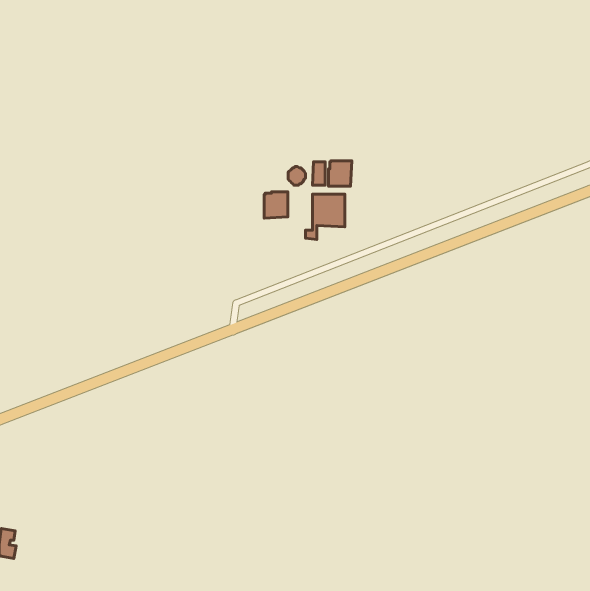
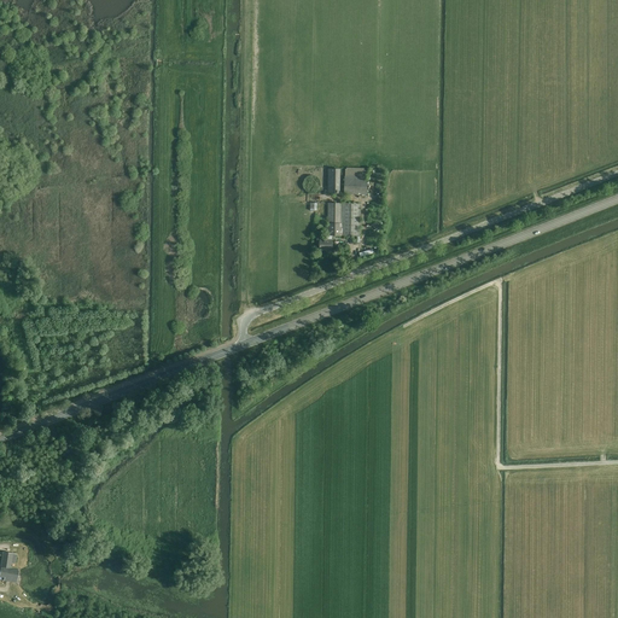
building: [264,192,288,218] -> none

